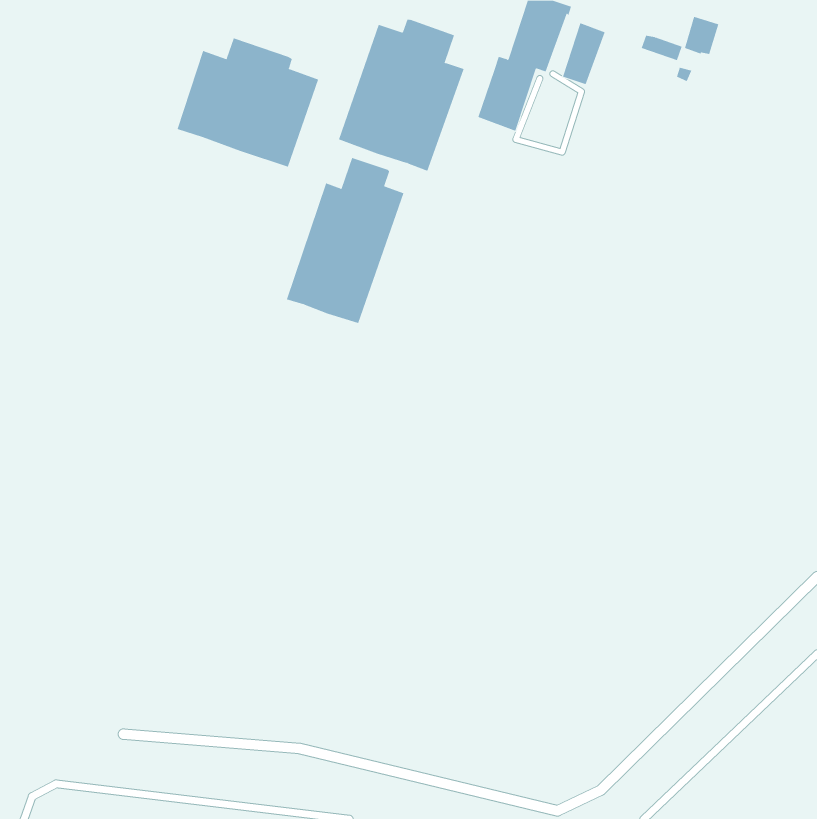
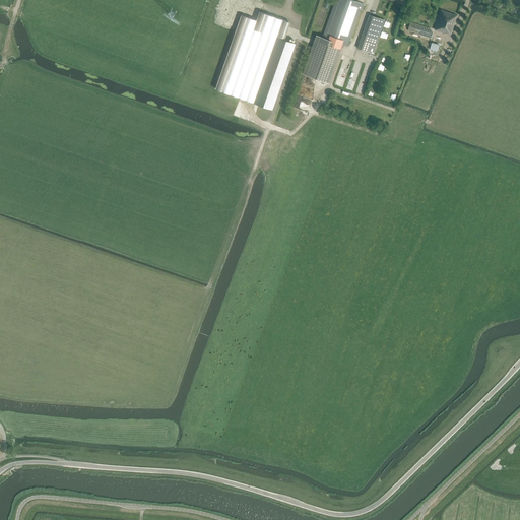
building: [177,38,319,167] -> none
building: [286,157,404,324] -> none

